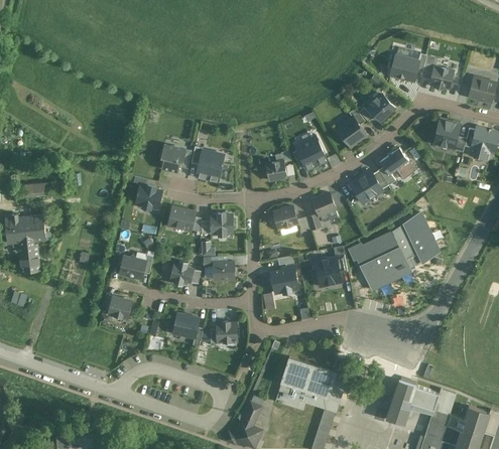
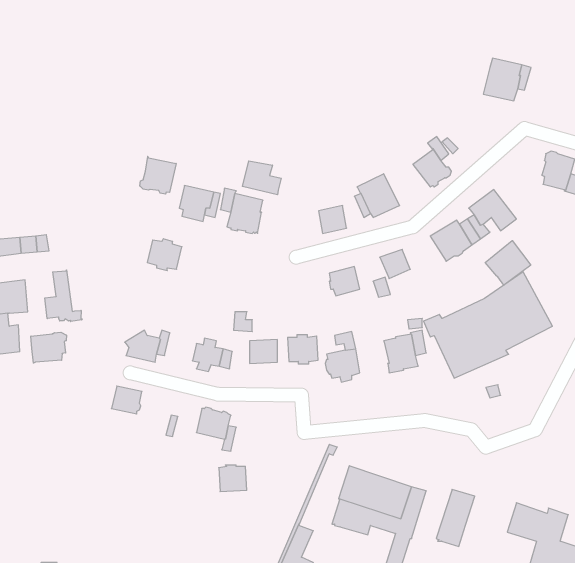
building: [429,66,454,89] -> none
building: [367,95,394,122] -> none
building: none -> [140,156,176,194]
building: none -> [242,161,281,195]
building: none -> [485,241,531,285]
building: [166,205,195,231] -> none
building: none -> [45,270,82,322]
building: [210,213,233,236] -> [288,335,318,364]
building: none -> [31,332,66,363]
building: [216,322,237,342] -> [219,465,247,492]
building: [386,381,415,424] -> [436,489,475,546]

